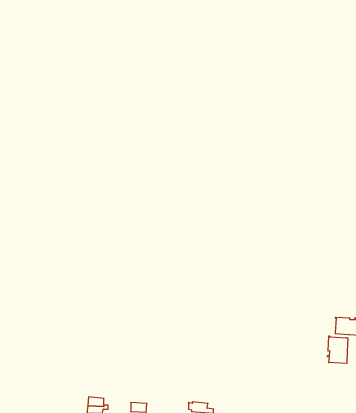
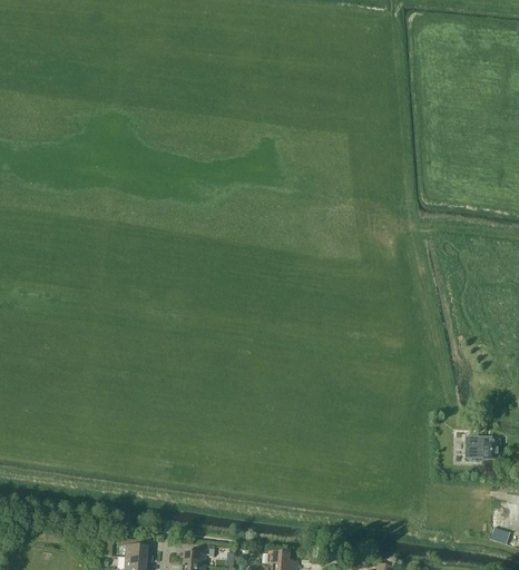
building: [327,336,348,363] -> none

